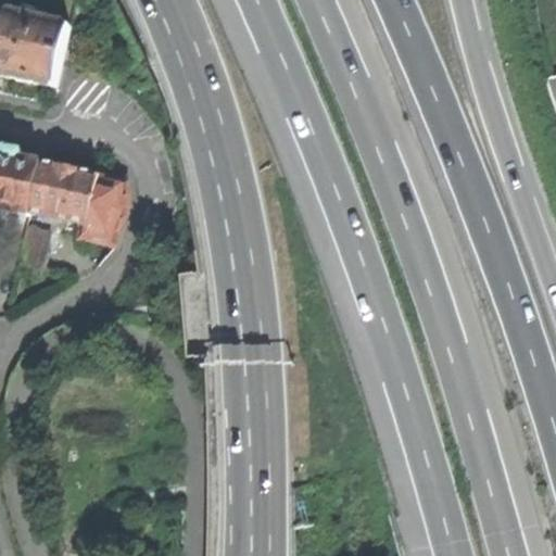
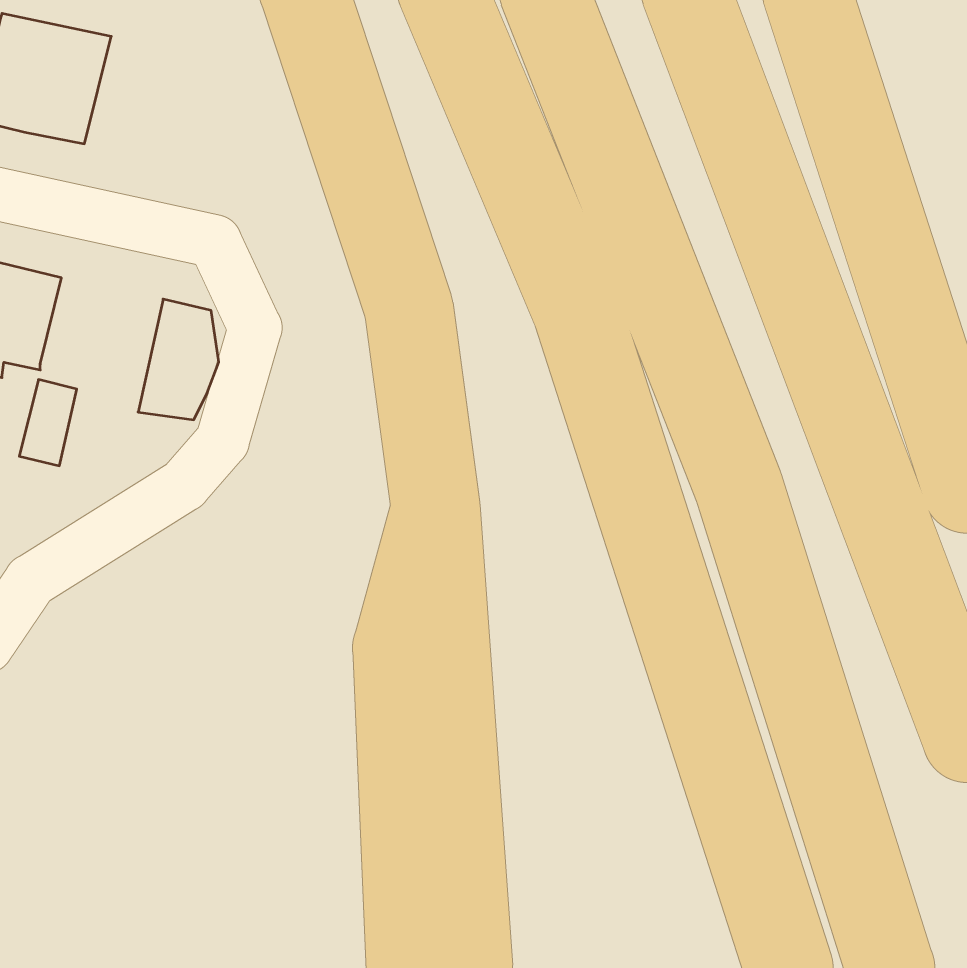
building: [23,157,92,233] -> none

